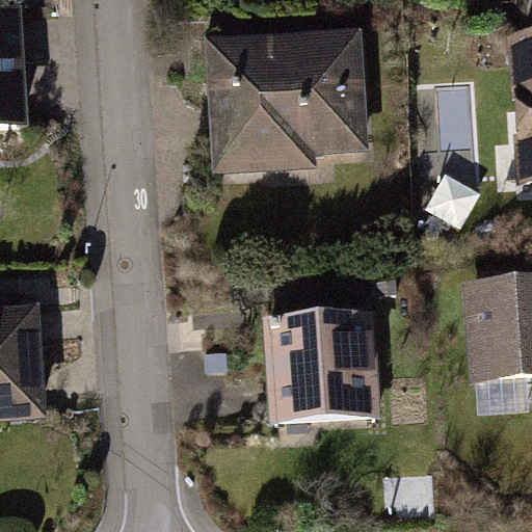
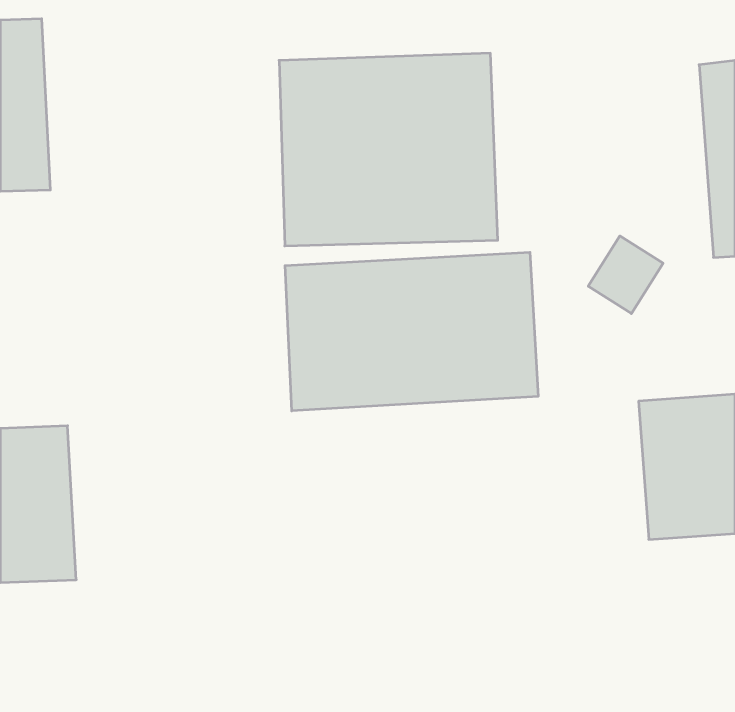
building: none -> [285,252,538,411]
building: [259,319,381,435] -> none

